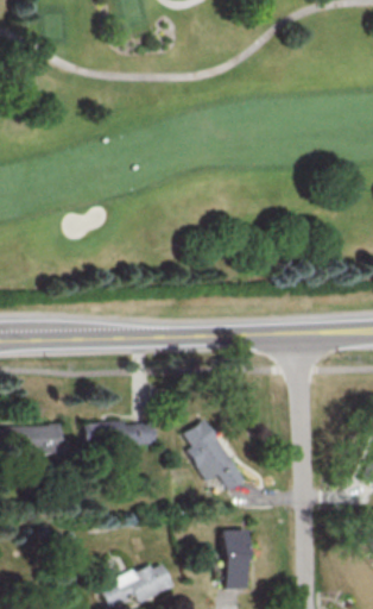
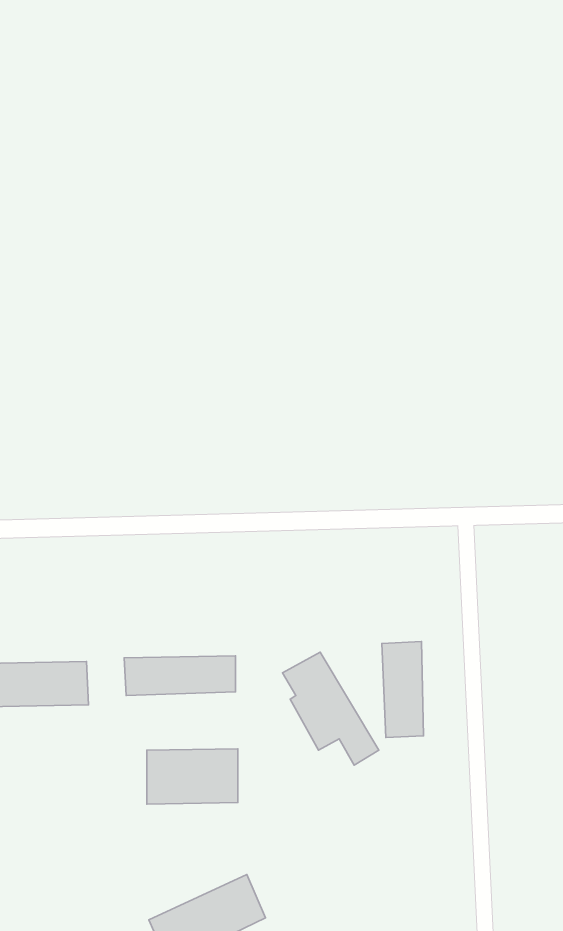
building: none -> [147,749,238,804]
building: [223,528,249,589] -> [382,642,423,738]

